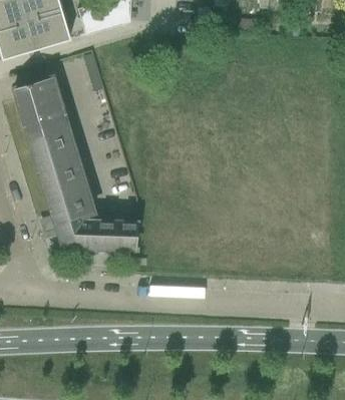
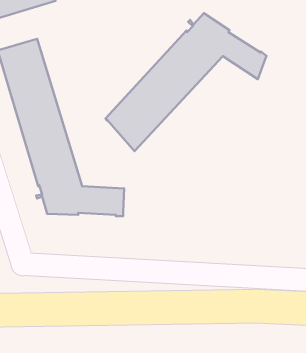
building: none -> [106,13,267,151]

